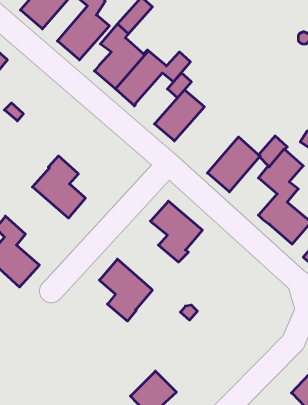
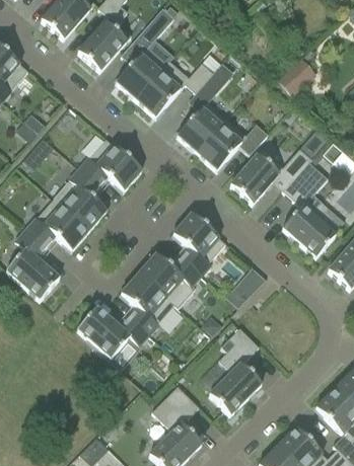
building: none -> [277,56,316,98]
building: none -> [197,118,268,170]
building: none -> [79,138,142,190]
building: none -> [25,199,89,250]
building: none -> [139,252,201,307]
building: none -> [225,266,266,307]
building: none -> [77,306,149,360]
building: none -> [209,326,262,414]

